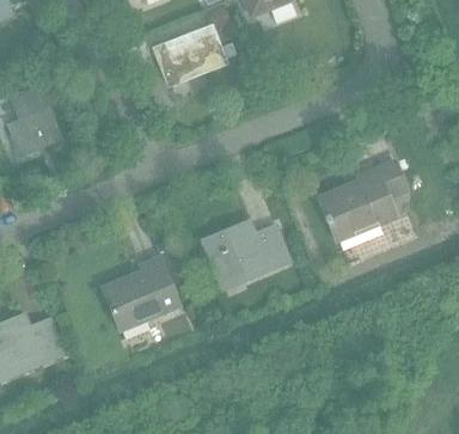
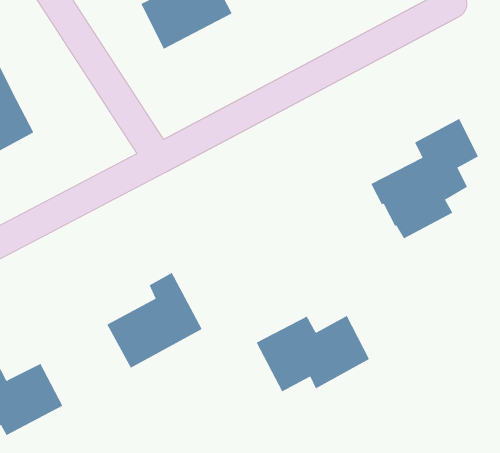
building: [203,221,290,279] -> [256,315,370,392]

